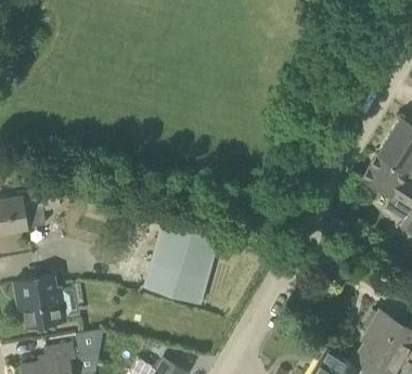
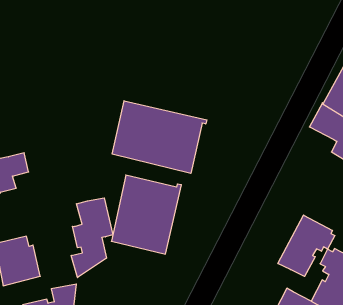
building: none -> [112,101,207,173]
building: none -> [71,198,113,278]
building: none -> [278,215,335,276]

